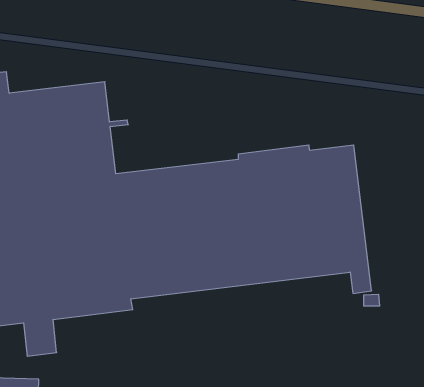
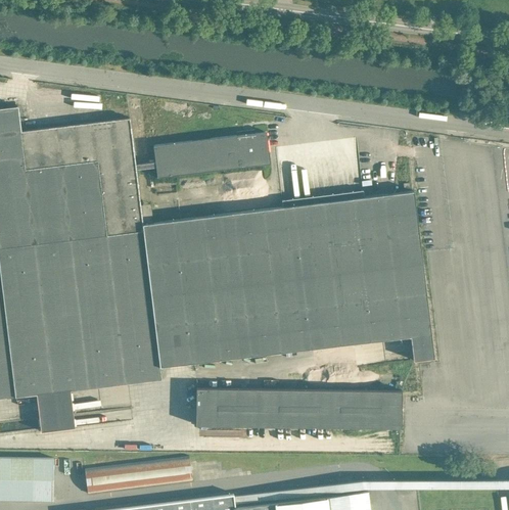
building: none -> [152,134,269,180]
building: none -> [195,390,400,429]

